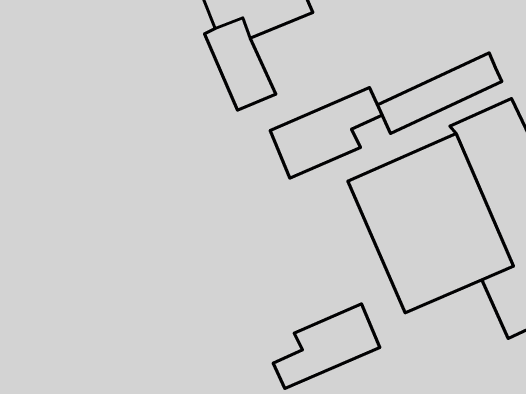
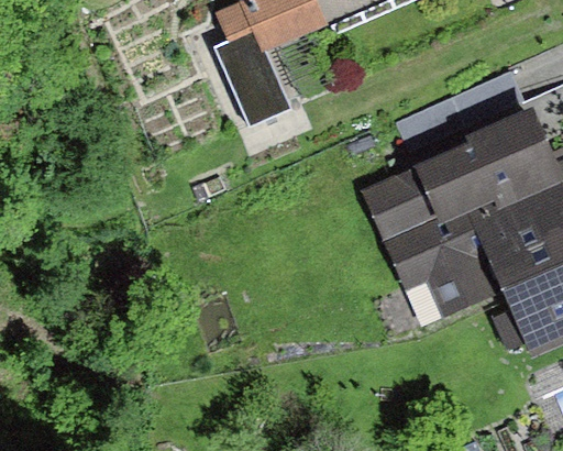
building: [270,87,382,178] -> none
building: [273,304,380,389] -> none

